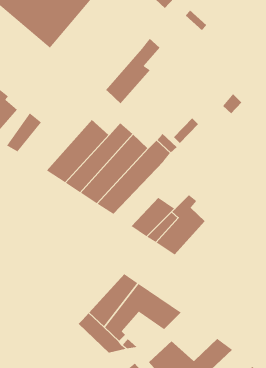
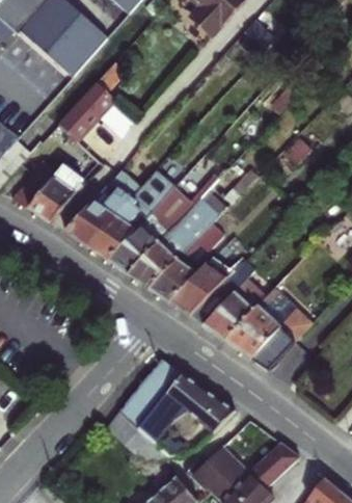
building: [105,38,160,104] -> [59,58,129,141]
building: none -> [30,173,84,226]
building: none -> [150,221,225,302]
building: none -> [226,286,313,369]

